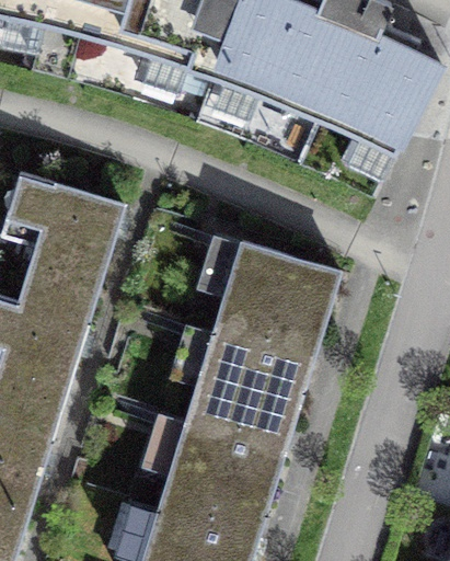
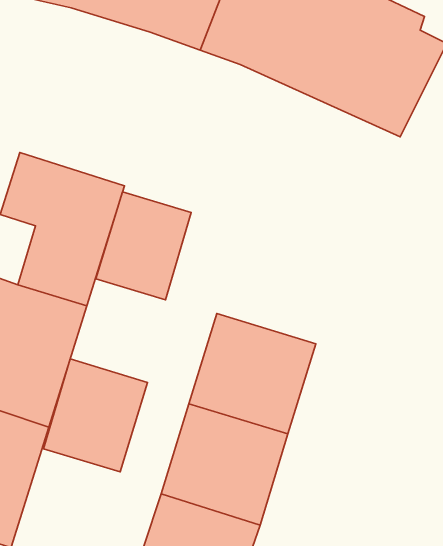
building: none -> [96,192,191,300]
building: [215,240,339,359] -> none
building: none -> [44,359,148,472]

